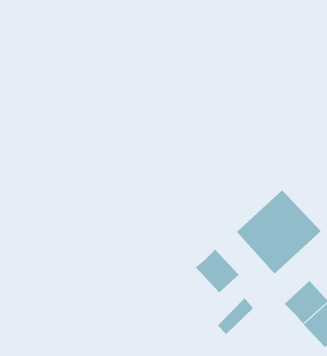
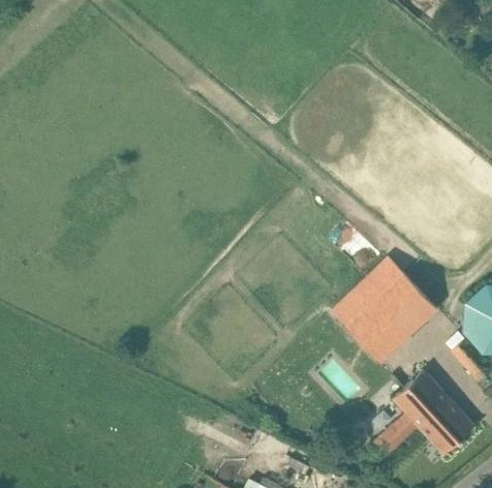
building: [195,249,239,293] -> none
building: [217,297,254,335] -> [371,413,417,459]

